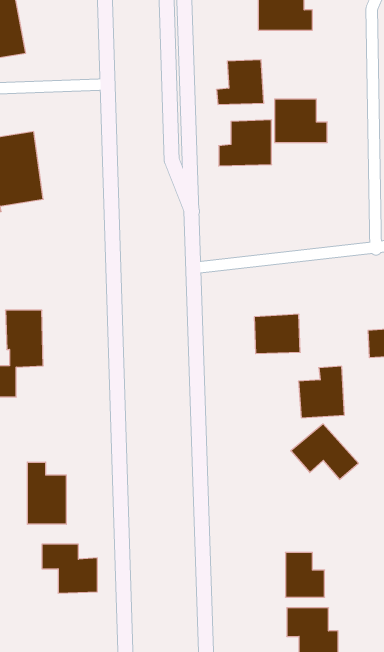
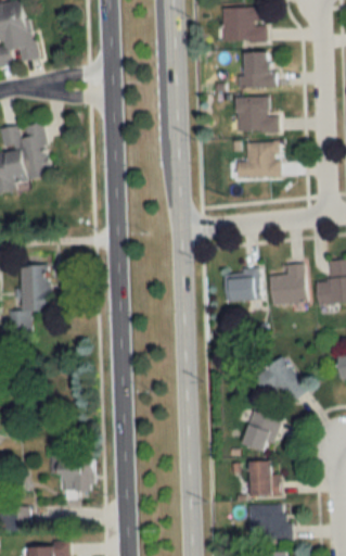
building: [216,60,264,104] -> [239,51,277,87]
building: [219,120,272,166] -> [239,140,281,177]
building: [298,366,344,418] -> [267,263,304,304]
building: [27,462,66,524] -> none
building: none -> [239,410,278,453]

